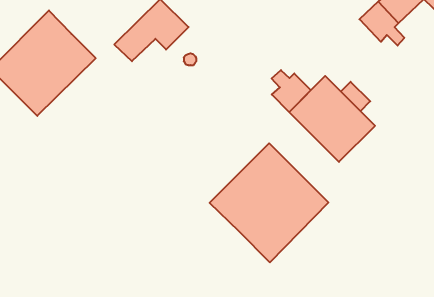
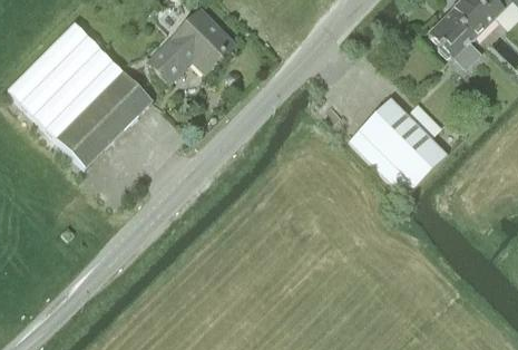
building: none -> [61,77,152,167]
building: [272,70,311,112] -> none
building: [210,143,328,262] -> none

